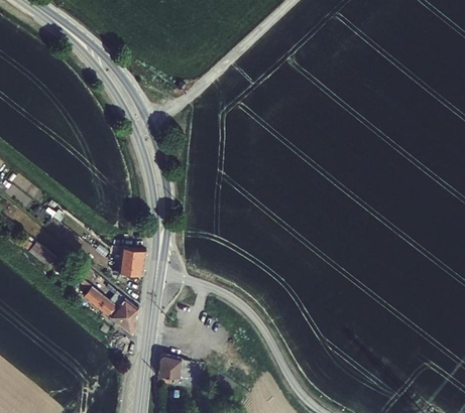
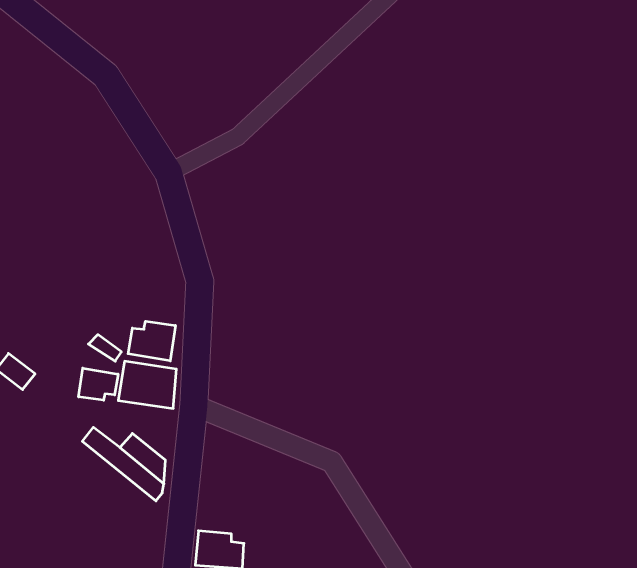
building: none -> [128,321,175,361]
building: none -> [79,368,118,400]

